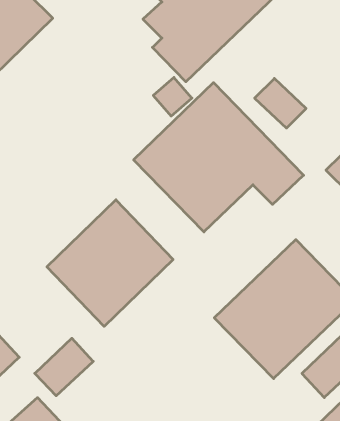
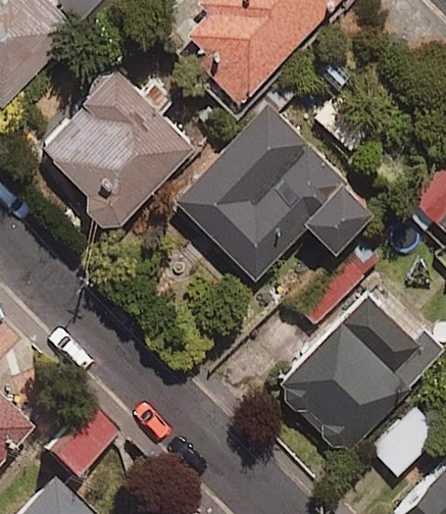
building: none -> [32,65,193,226]
building: [47,200,173,326] -> none

